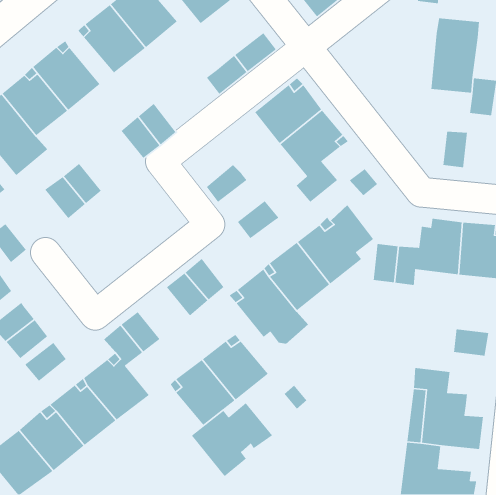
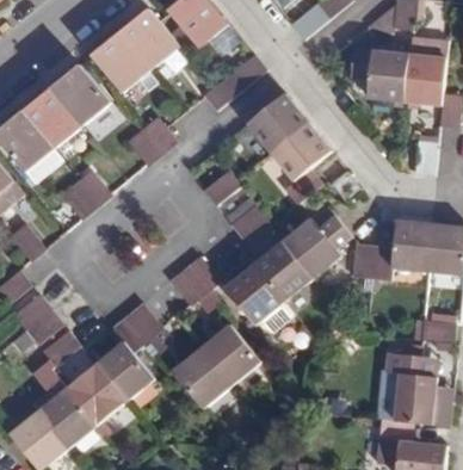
building: none -> [365,51,408,105]
building: [191,402,273,477] -> none

